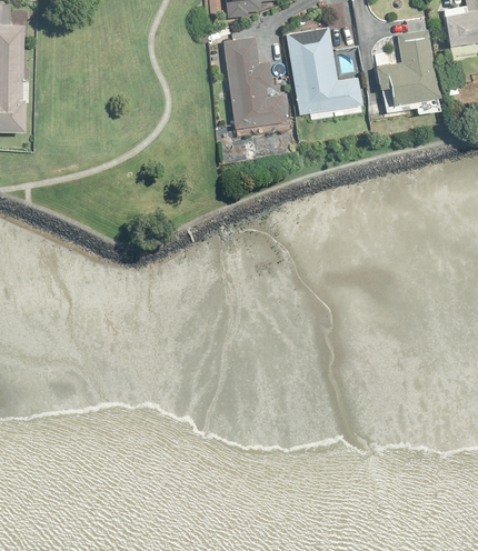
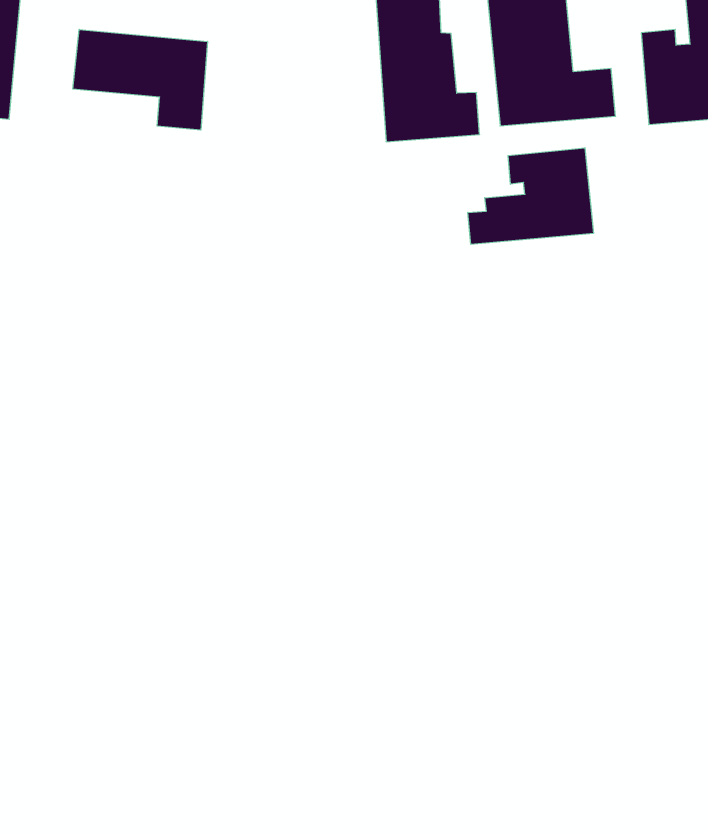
building: none -> [73,29,208,130]
building: none -> [468,148,593,244]

